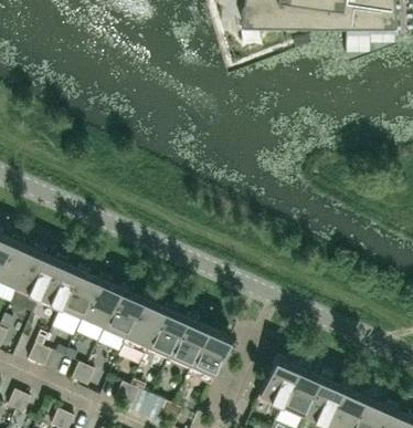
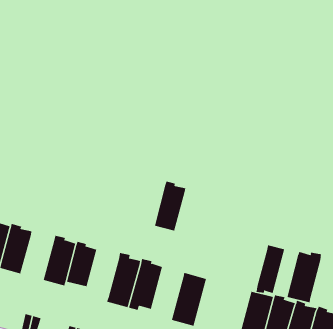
building: [38,257,78,312] -> none
building: [103,285,144,341] -> none
building: none -> [256,245,285,294]
building: [169,315,209,369] -> [154,181,186,231]
building: none -> [287,251,322,303]

